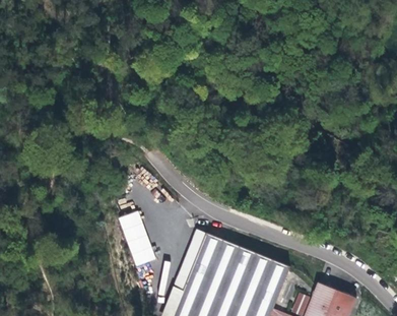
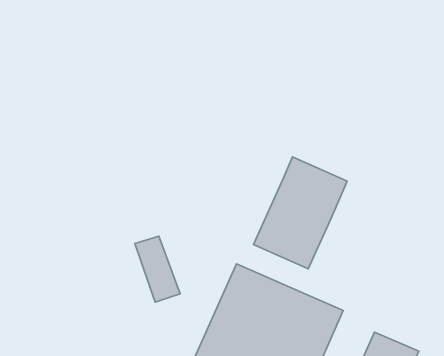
building: none -> [253,157,347,269]

